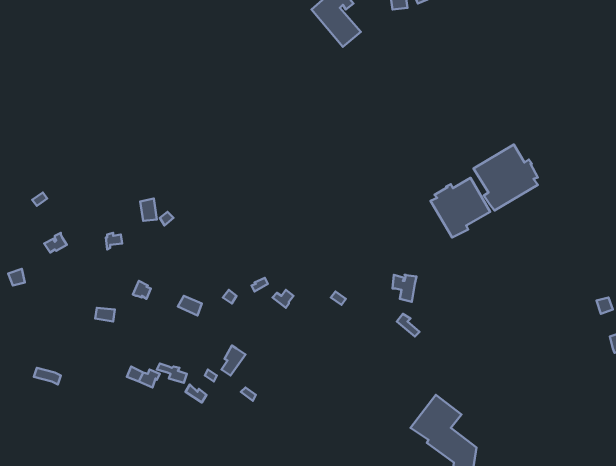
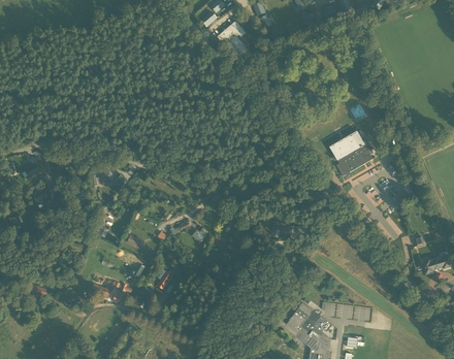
building: [431,178,490,237] -> none

